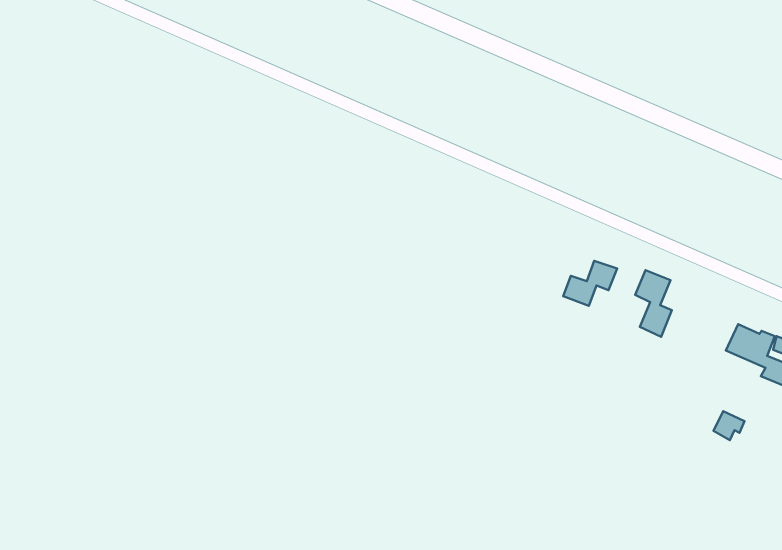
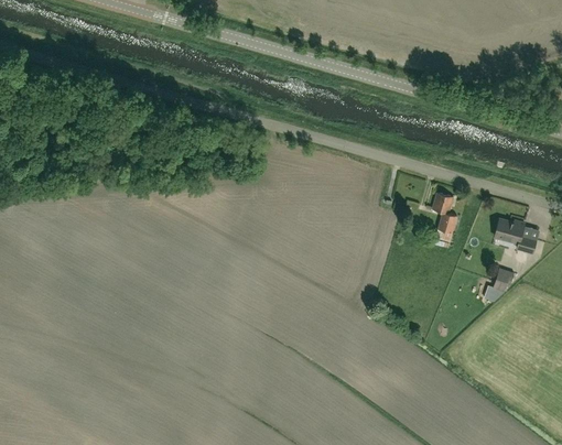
building: [563,261,617,306] -> none

